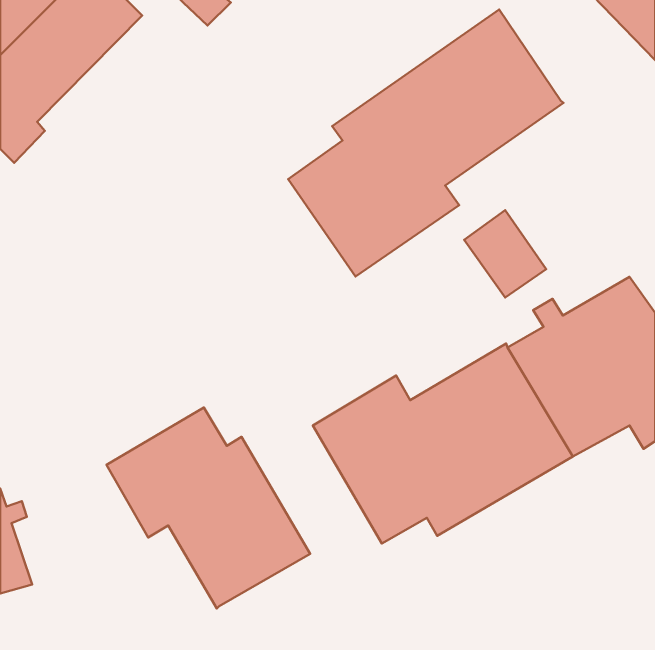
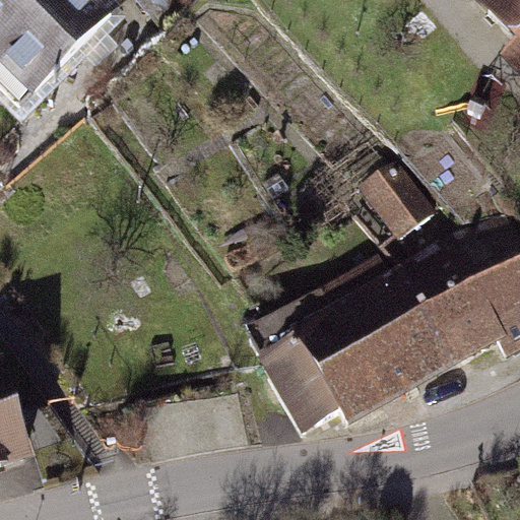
building: [288,10,564,276] -> none
building: [106,408,310,608] -> none

